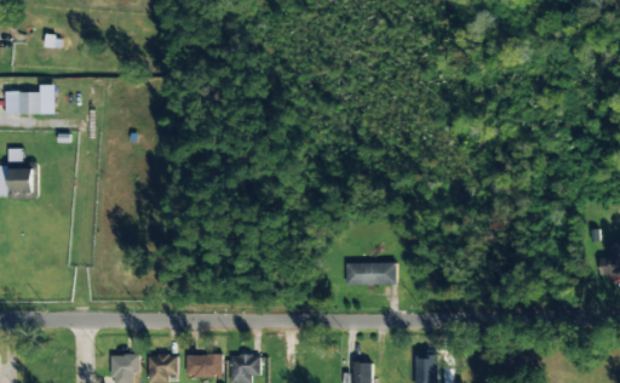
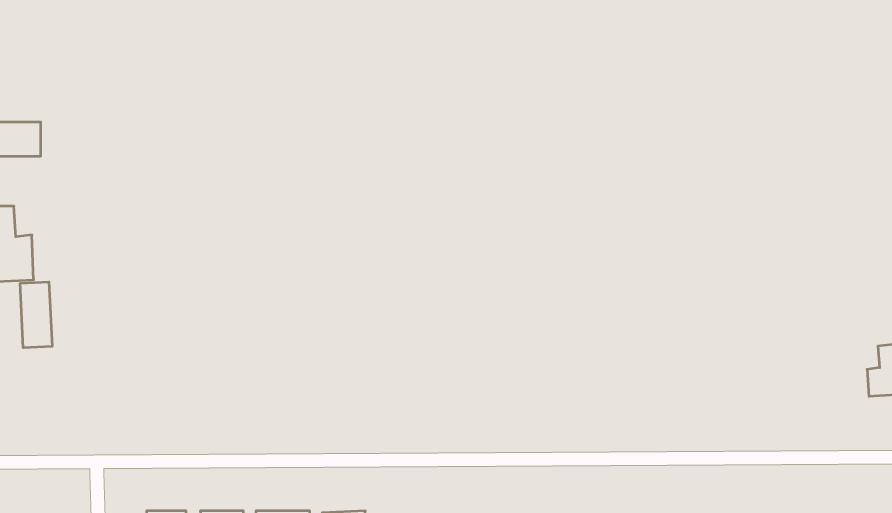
building: none -> [20,282,52,348]
building: [345,262,397,285] -> none

